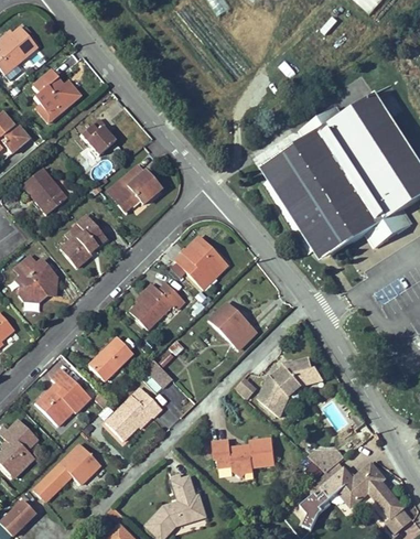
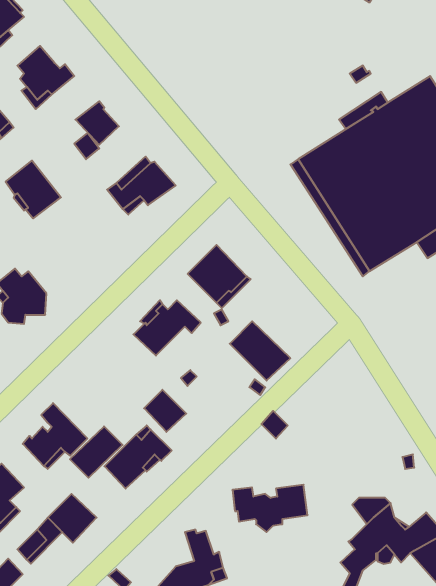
building: [60,214,106,267] -> none
building: [88,337,132,380] -> [70,426,123,478]
building: [258,354,325,417] -> none

